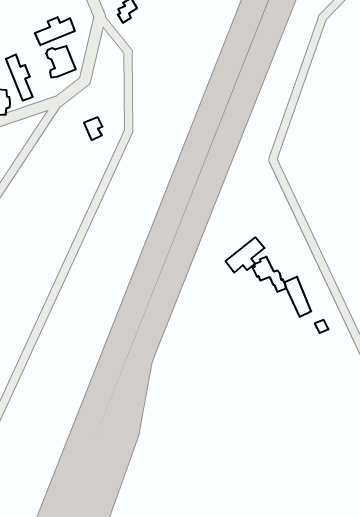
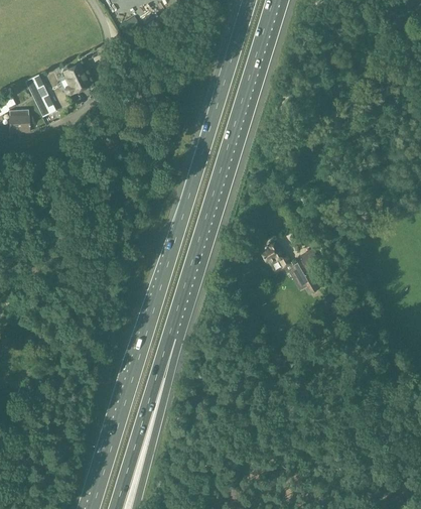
building: [35,17,75,45] -> none
building: [226,237,265,273] -> none

